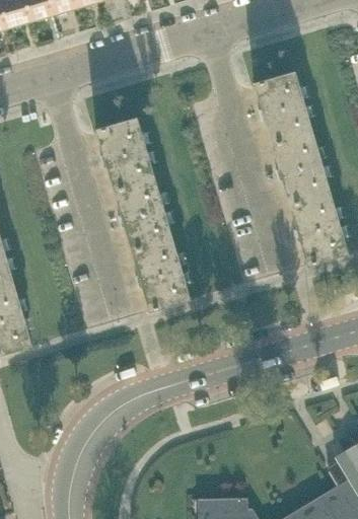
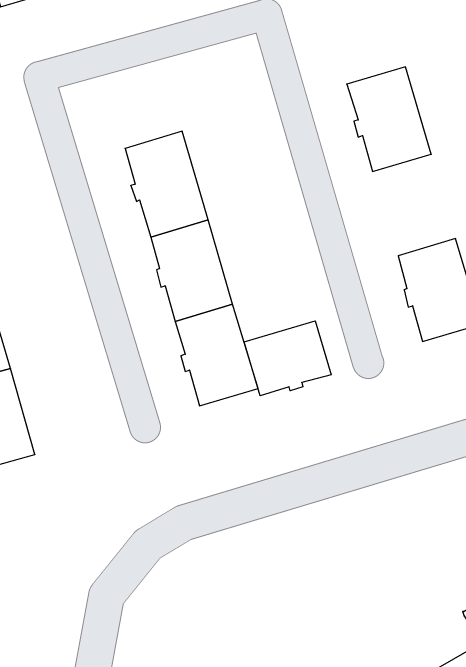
building: [272,133,331,205] -> none
building: none -> [244,321,331,396]

